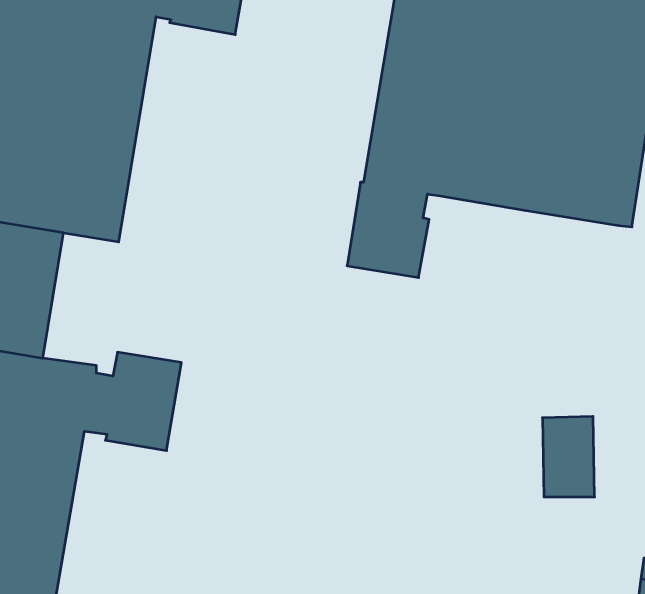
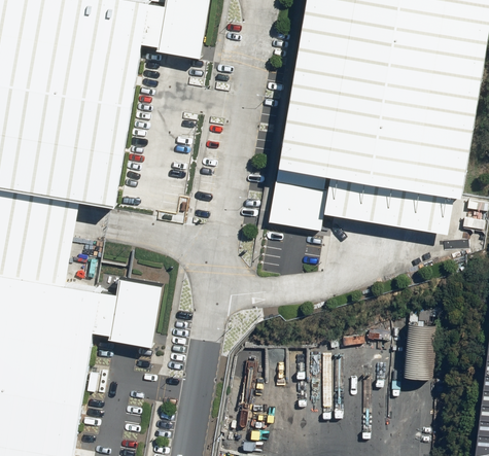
building: none -> [327,171,458,231]

